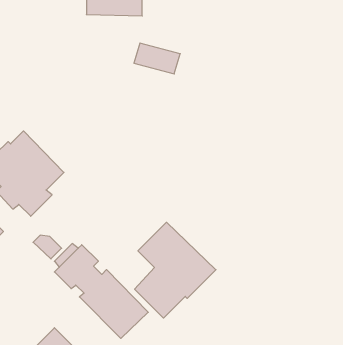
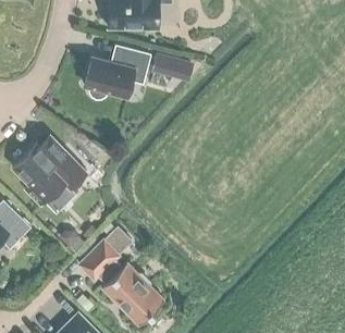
building: none -> [85,47,150,100]
building: [135,222,216,318] -> none

